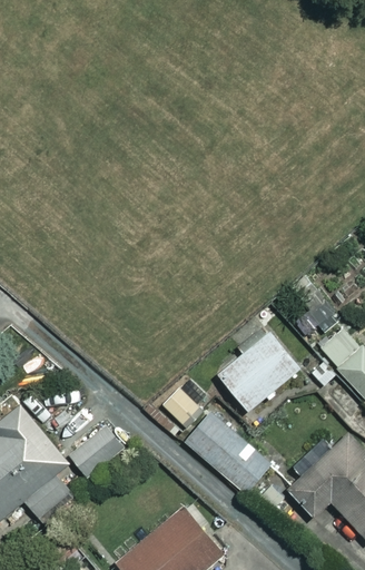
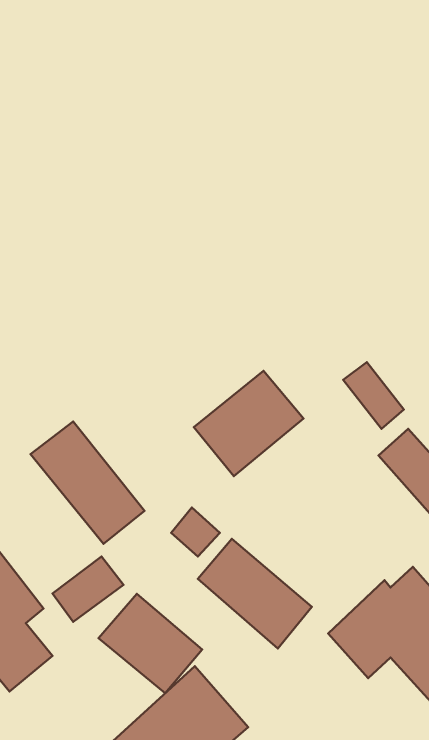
building: none -> [31,422,145,544]
building: [217,332,299,411] -> [194,371,303,476]
building: none -> [98,594,202,693]

